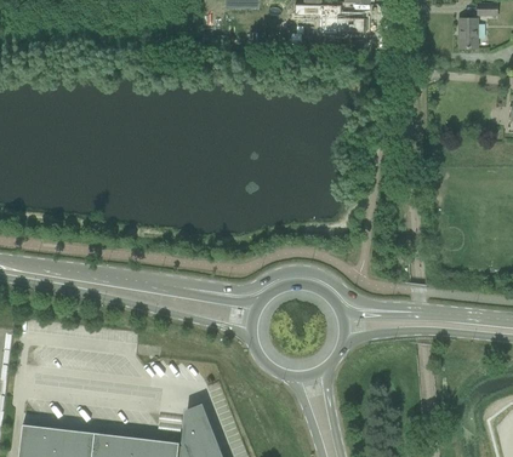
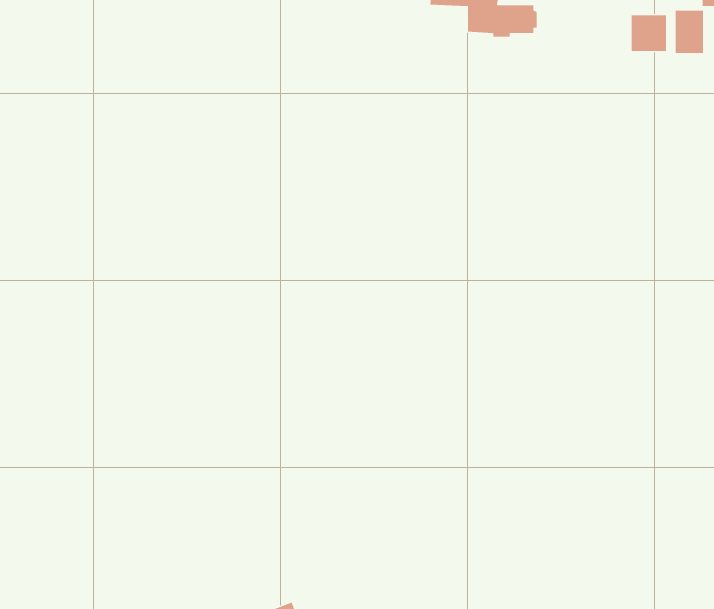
building: none -> [631,14,666,52]

